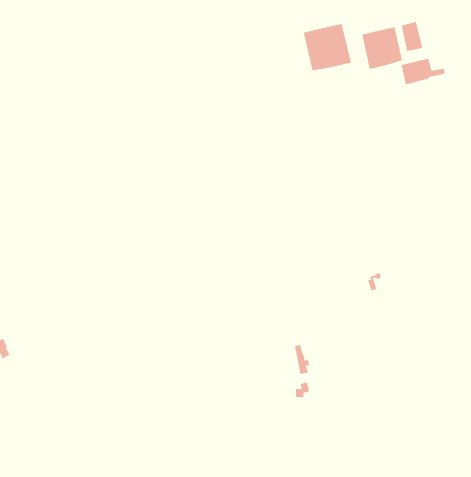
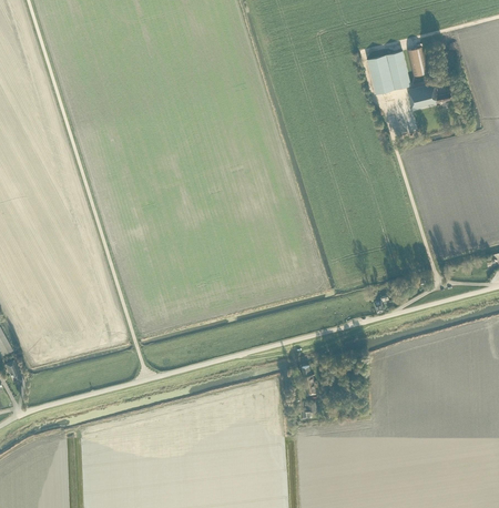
building: [303,23,351,71] -> none

